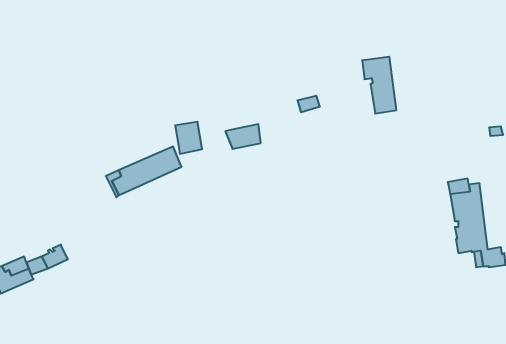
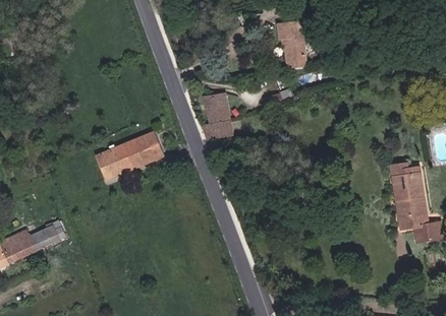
building: [362,57,396,114] -> [277,16,306,65]
building: [175,122,202,154] -> [205,94,228,122]

